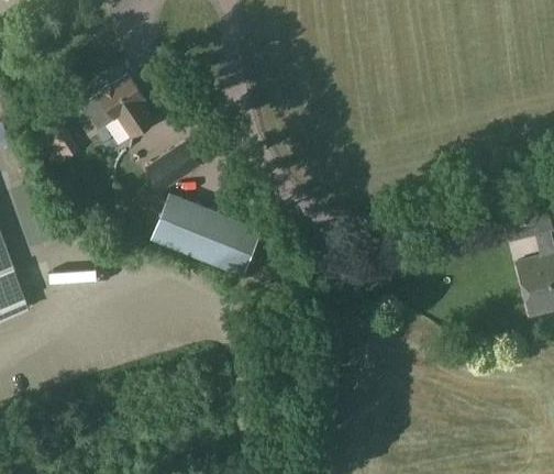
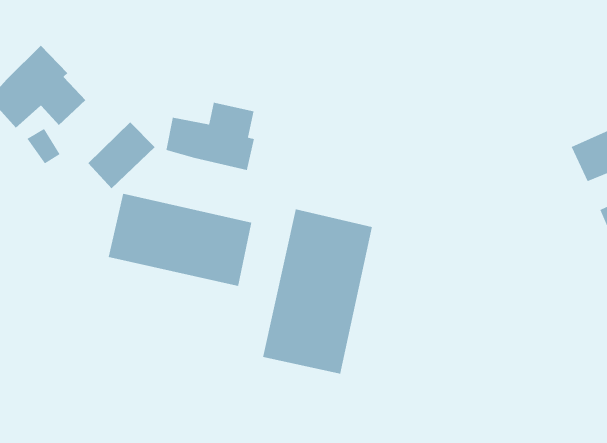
building: none -> [166,102,254,171]
building: none -> [262,208,373,374]

